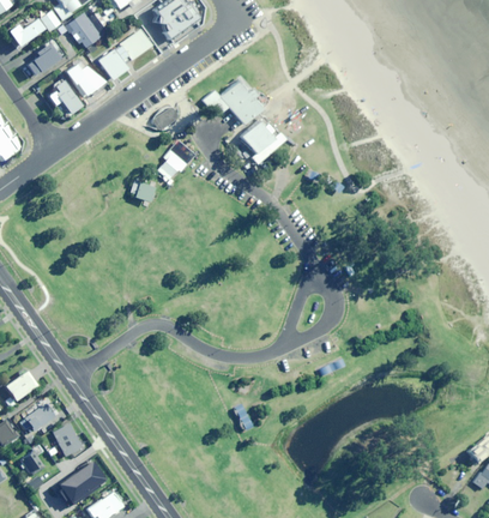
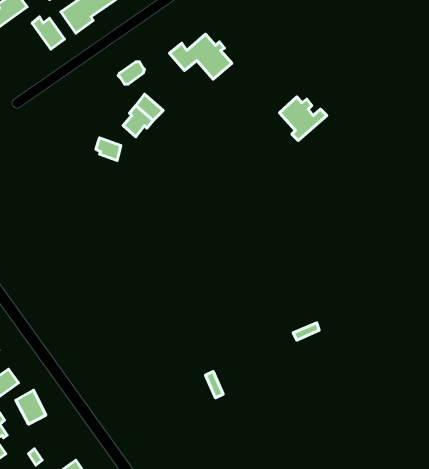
building: [50,79,82,118] -> none
building: [240,121,285,163] -> [279,97,327,140]
building: [76,459,110,493] -> none

